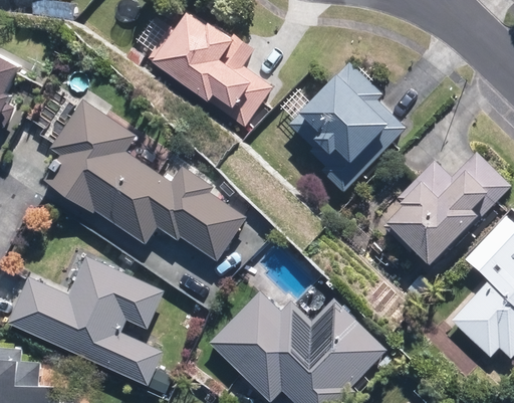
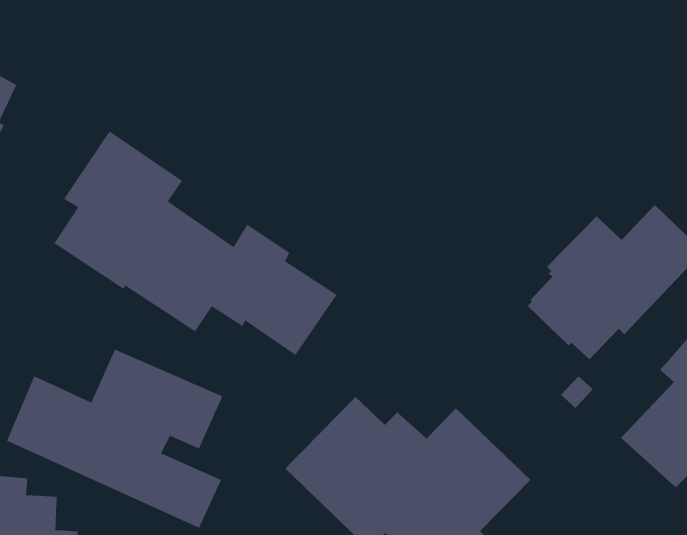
building: [147,11,272,128] -> none
building: [287,62,405,192] -> none

